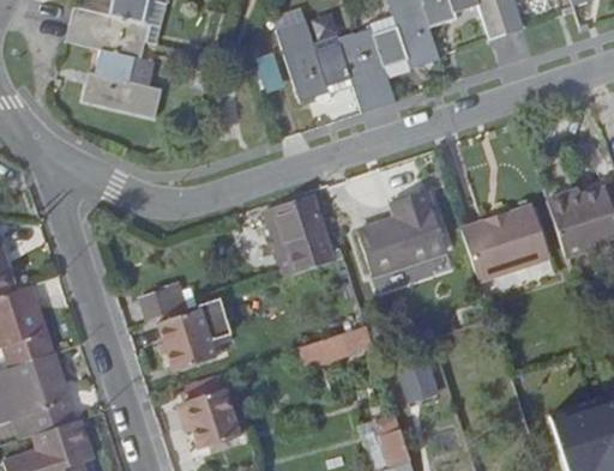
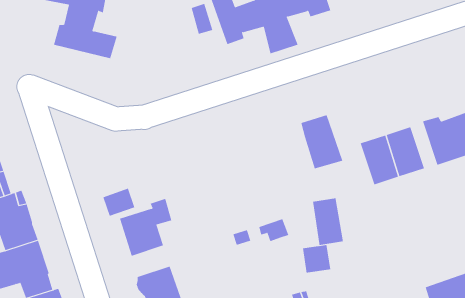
building: [269,197,350,277] -> none
building: [367,221,411,273] -> none
building: none -> [312,198,343,246]

